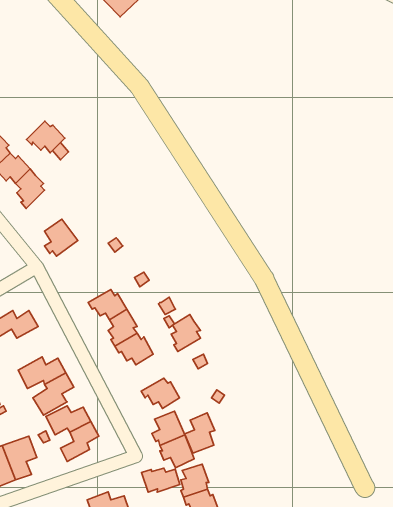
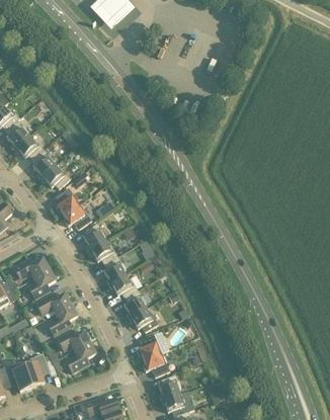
building: [26,121,65,153] -> [39,164,69,188]
building: none -> [63,202,90,229]
building: none -> [82,222,104,250]
building: [171,314,200,352] -> [122,289,145,318]
building: none -> [25,268,55,299]
building: [184,413,215,453] -> none
building: [142,468,180,492] -> none

